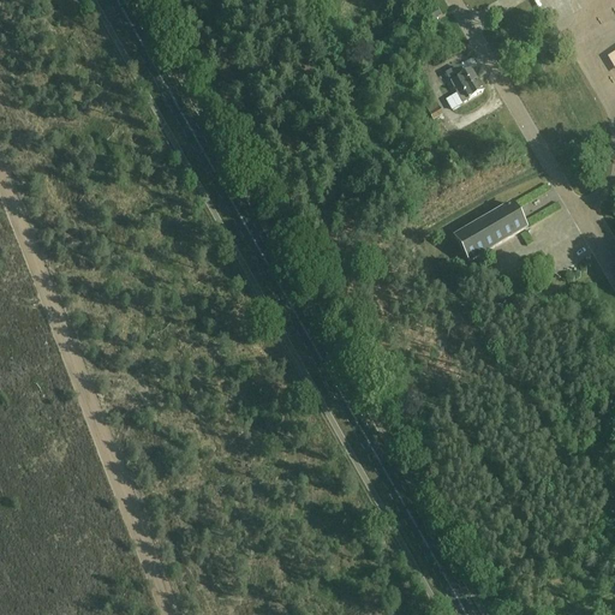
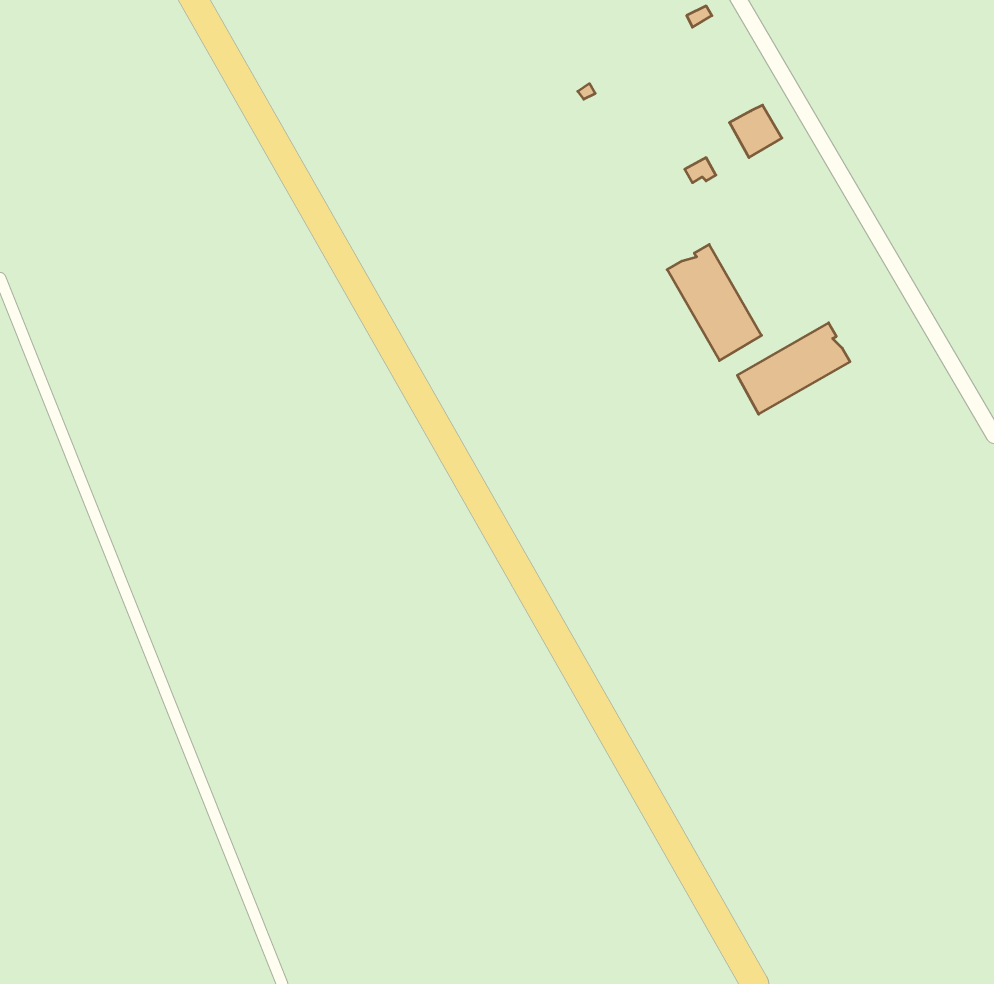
building: none -> [667,244,762,361]

